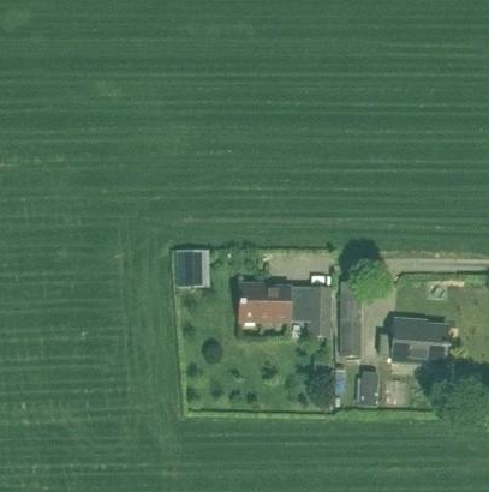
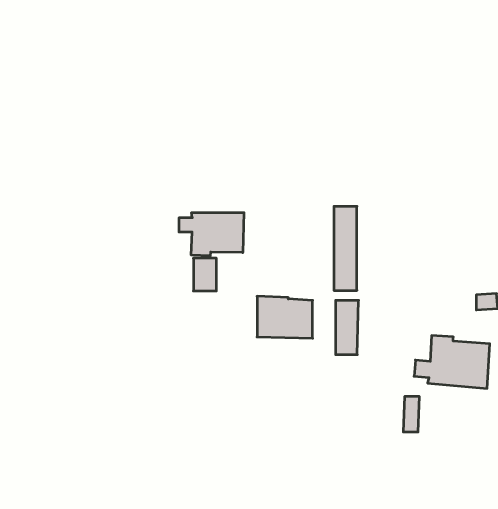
building: none -> [179,213,244,256]
building: [340,281,360,355] -> [334,206,357,290]

